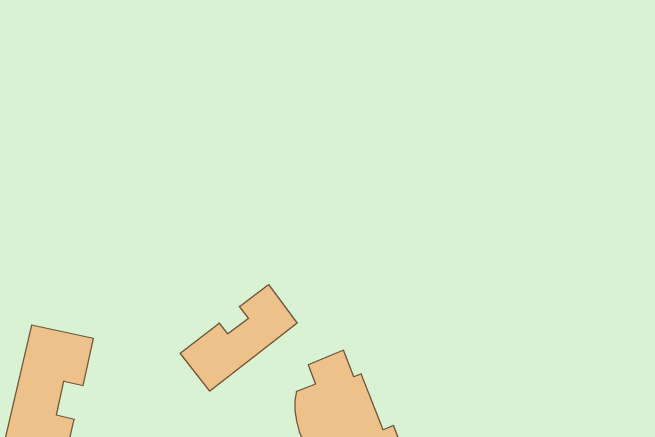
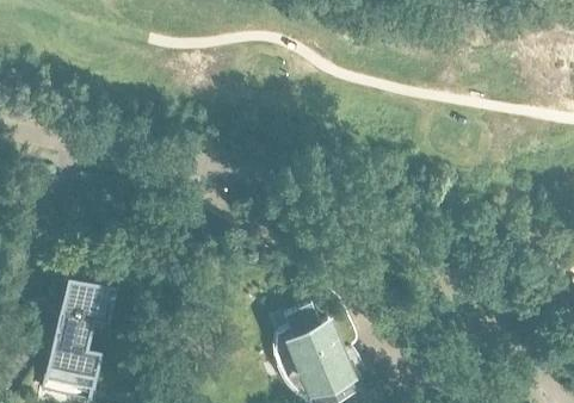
building: [180,285,297,391] -> none

